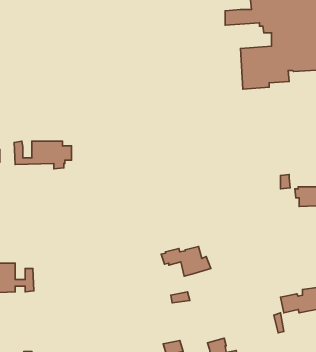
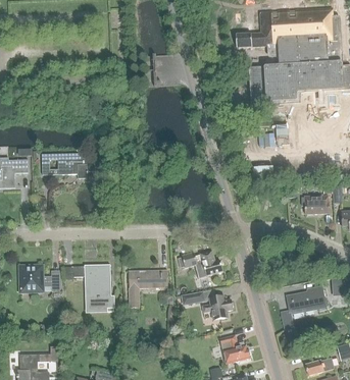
building: none -> [72,265,112,312]
building: none -> [129,270,167,307]
building: none -> [202,295,232,318]

